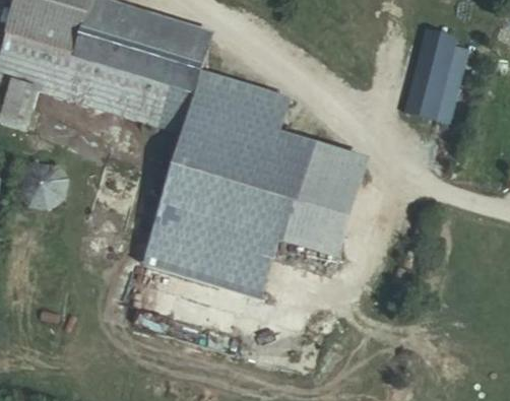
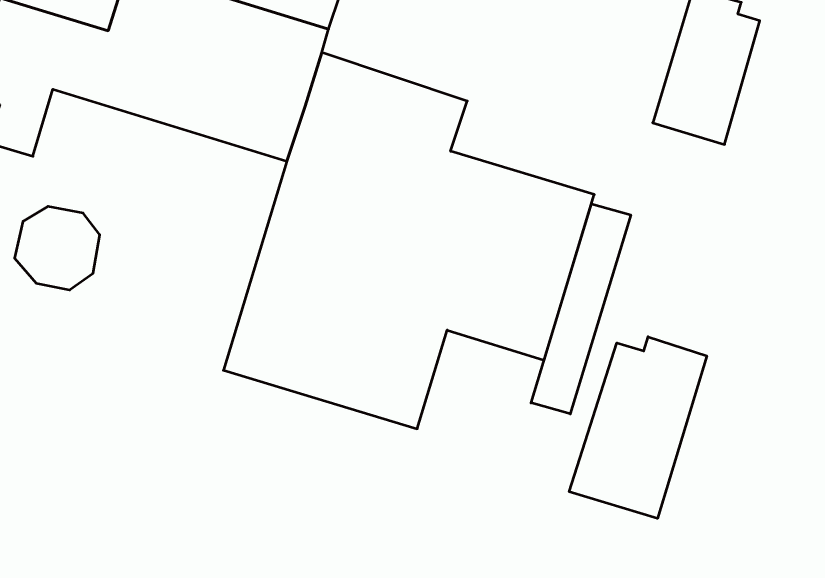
building: none -> [531,204,631,414]
building: none -> [569,337,707,518]

